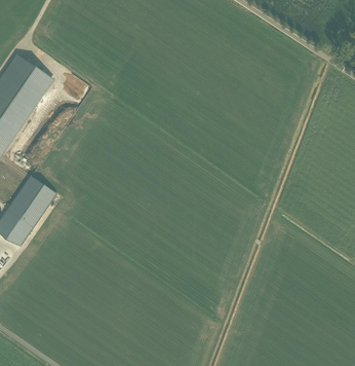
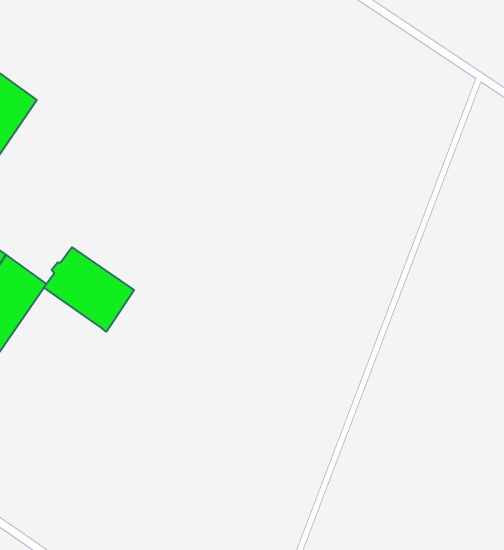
building: none -> [44,247,134,332]

